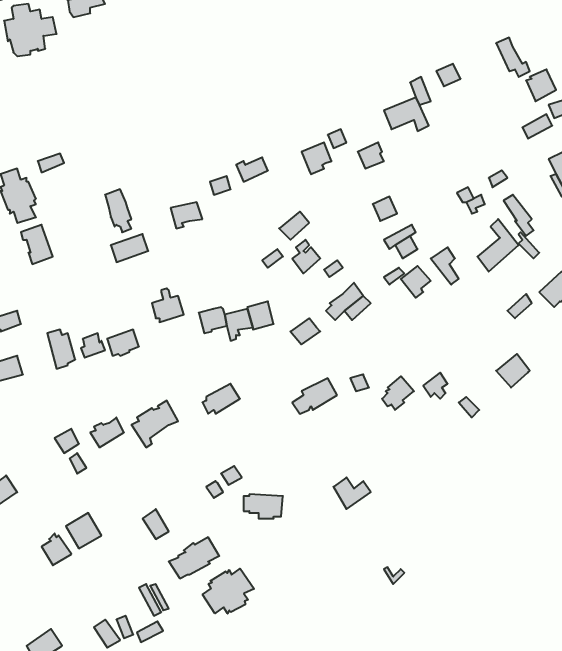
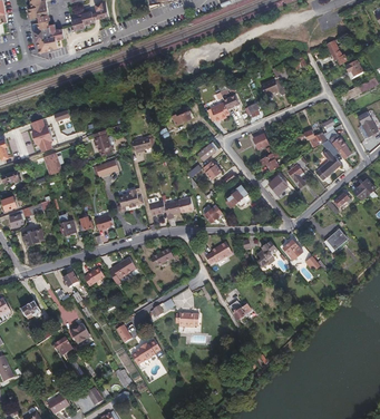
building: [203,569,254,614] -> none

